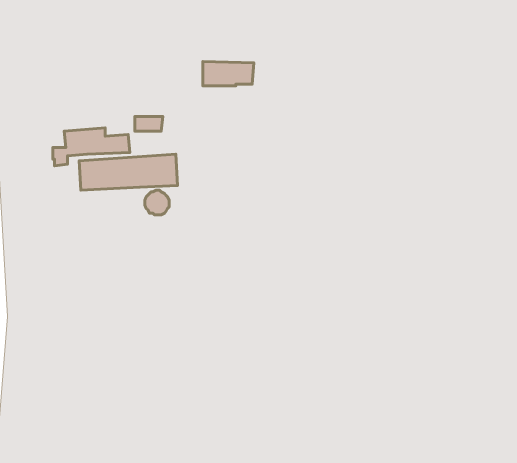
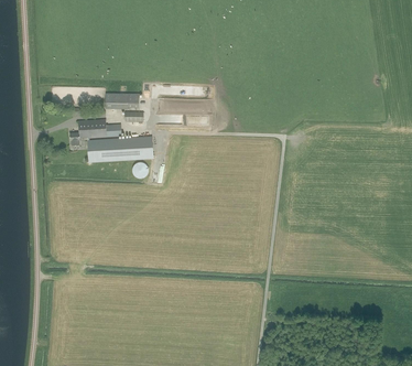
building: [203,61,254,86] -> [105,92,139,108]

